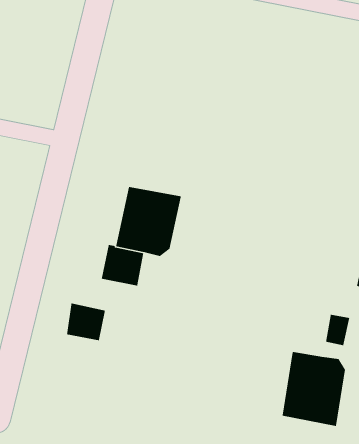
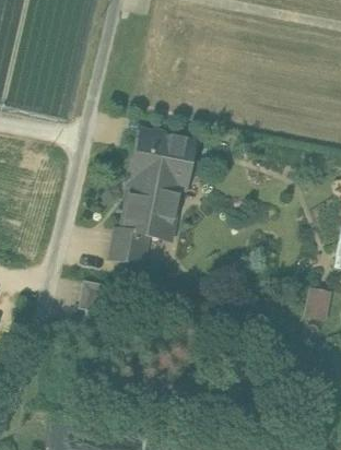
building: none -> [134,132,198,189]
building: [280,351,346,427] -> none

